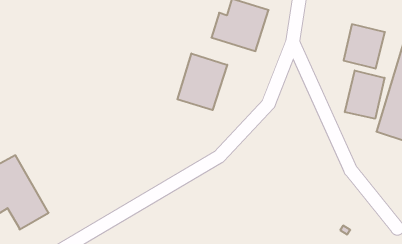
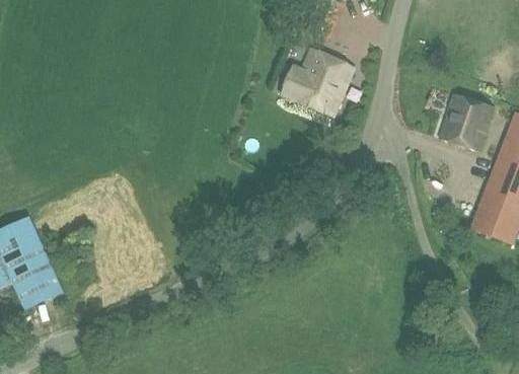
building: [177,53,227,110] -> none
building: [345,70,385,119] -> none

